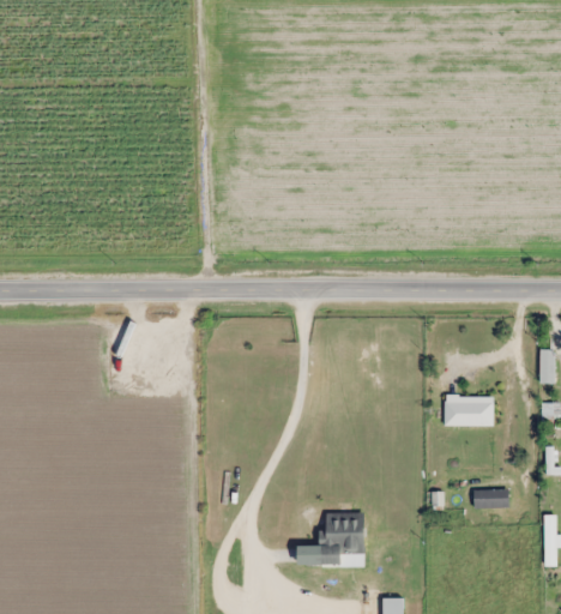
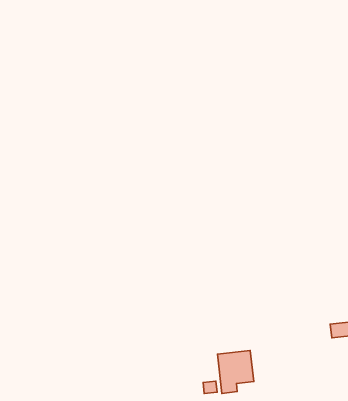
building: [444,397,493,425] -> none

